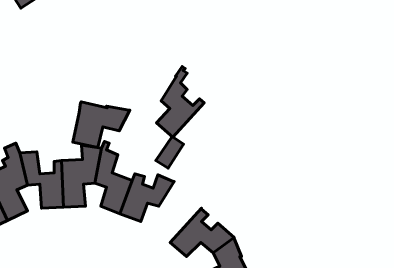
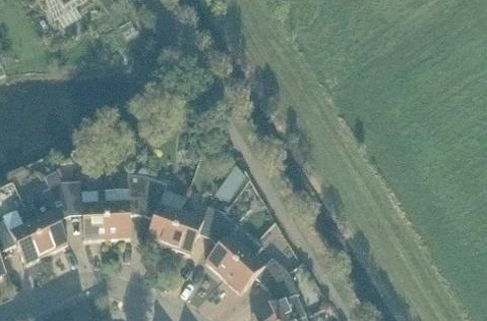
building: [157,67,204,137] -> [204,203,255,278]
building: [73,102,130,147] -> none

